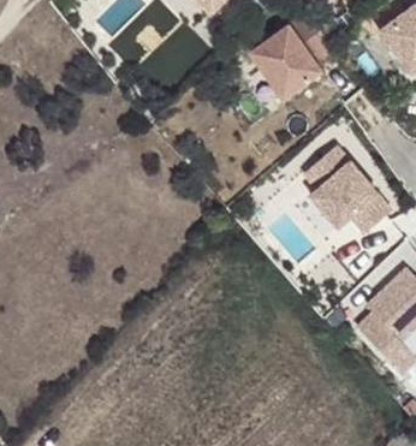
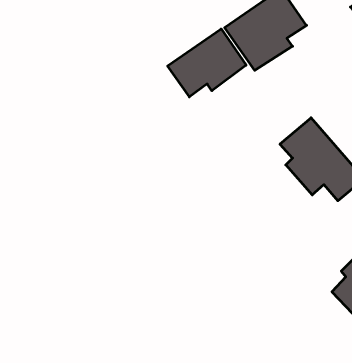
building: none -> [168,29,246,97]

